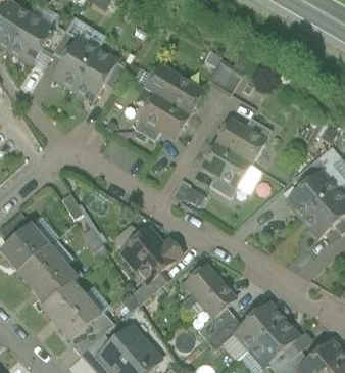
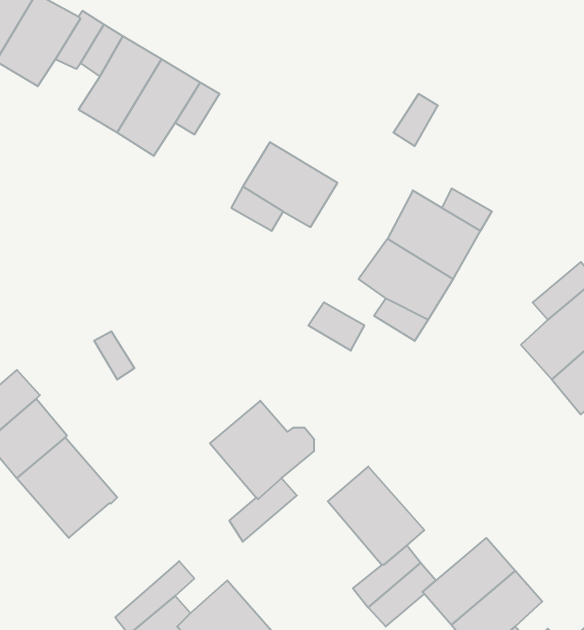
building: [145,63,204,114] -> none
building: [43,284,98,340] -> none

